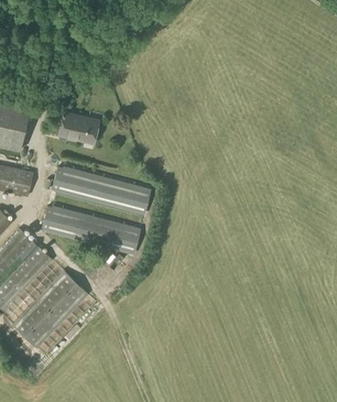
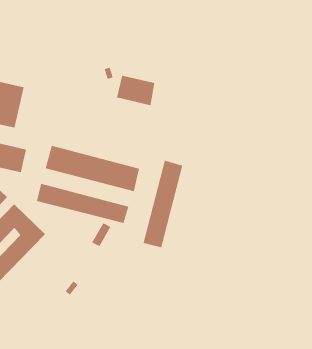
building: [58,111,99,143] -> [116,75,155,106]
building: none -> [143,160,183,248]
building: [13,270,89,348] -> none

